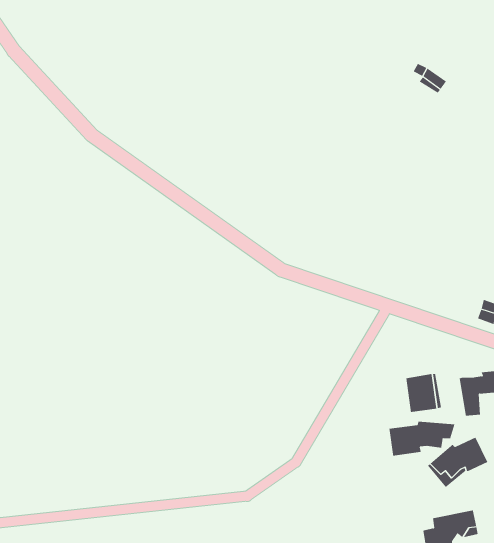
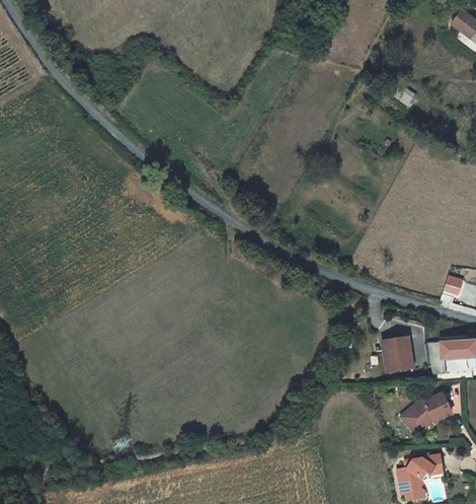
building: [389,421,455,457] -> none

